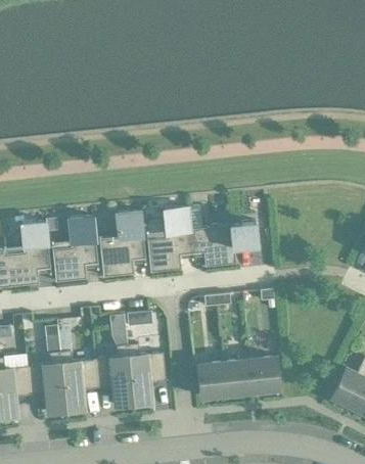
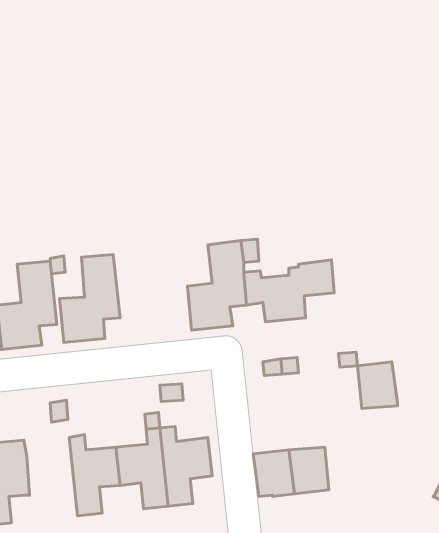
building: [99,212,145,278] -> none
building: [28,353,65,413] -> none
building: [249,357,279,391] -> [358,362,397,409]

